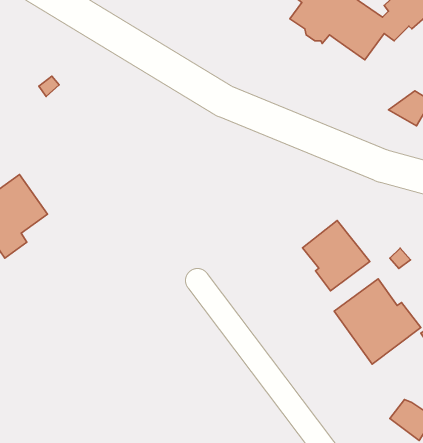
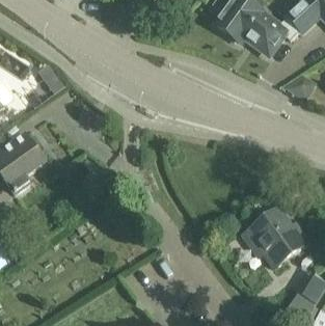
building: [303,221,370,291] -> none

